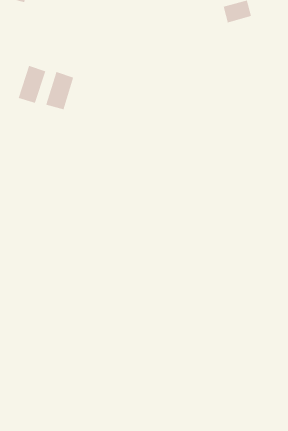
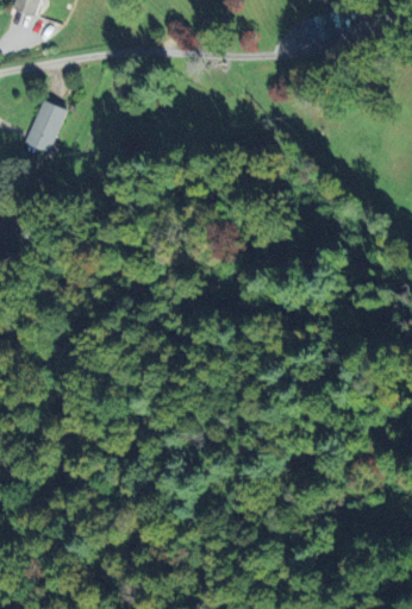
building: [45,71,74,110] -> none

